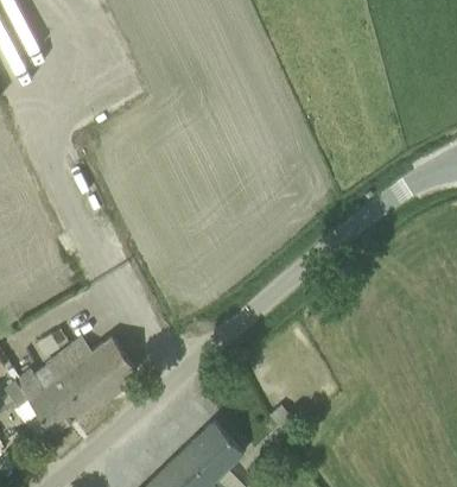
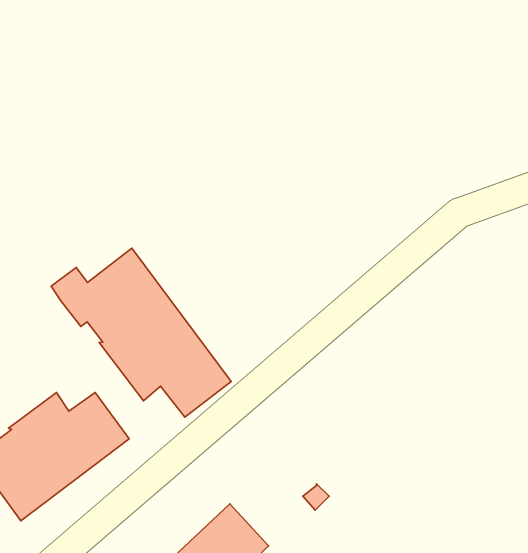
building: none -> [51,248,231,417]

